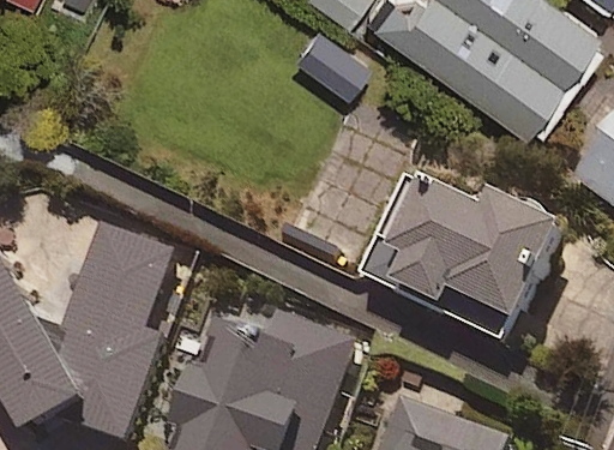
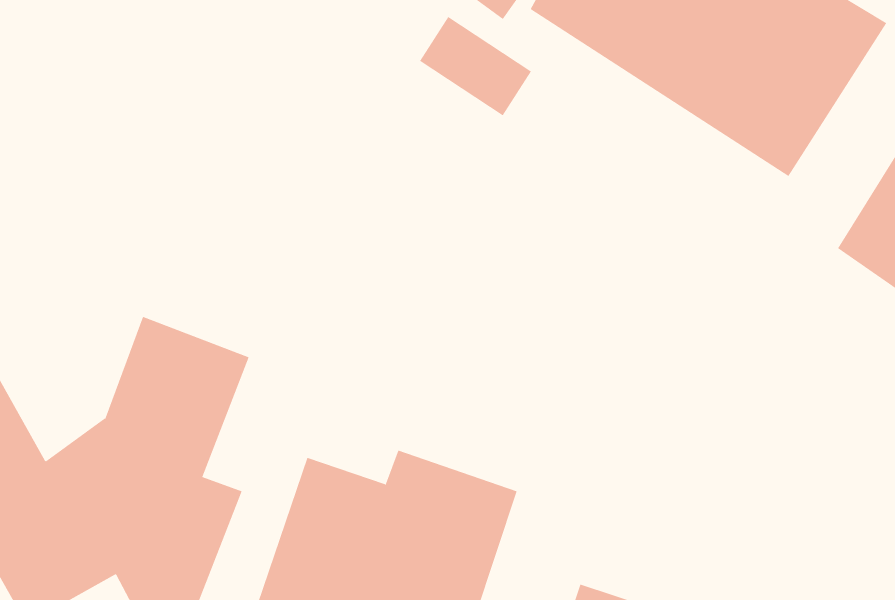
building: [361,166,561,314] -> none

